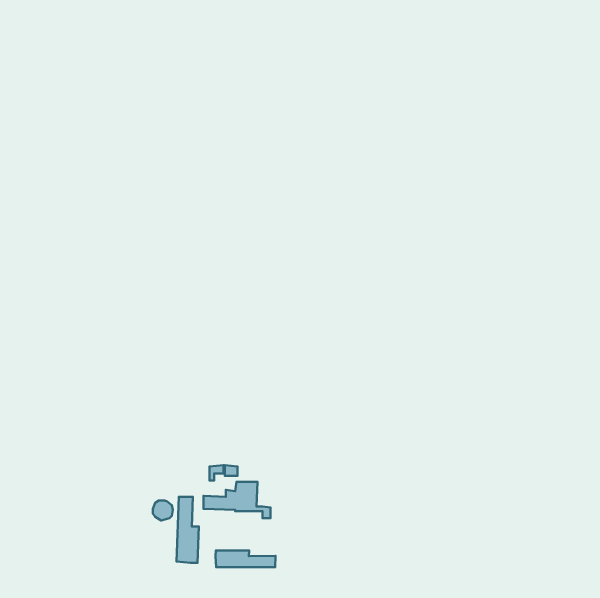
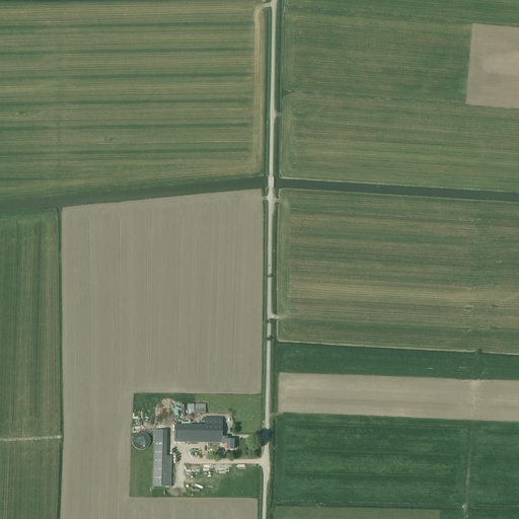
building: [216,550,276,567] -> none

